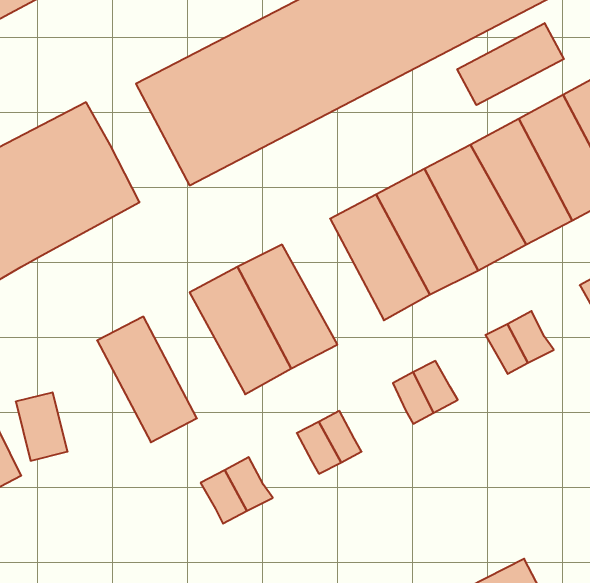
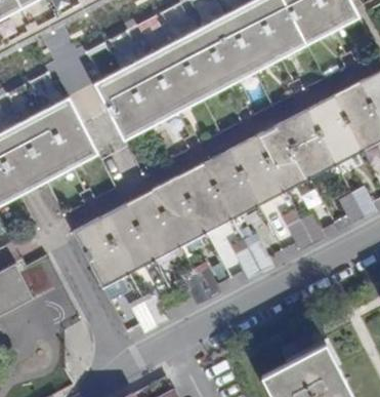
building: [457,23,564,105] -> none
building: none -> [175,160,231,230]
building: none -> [98,201,155,271]

